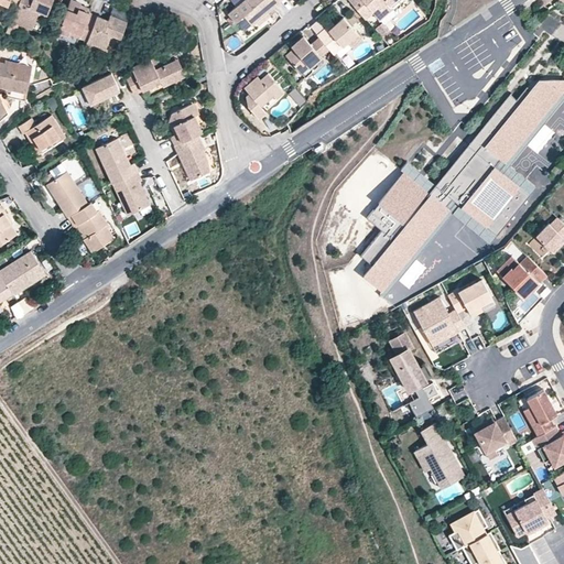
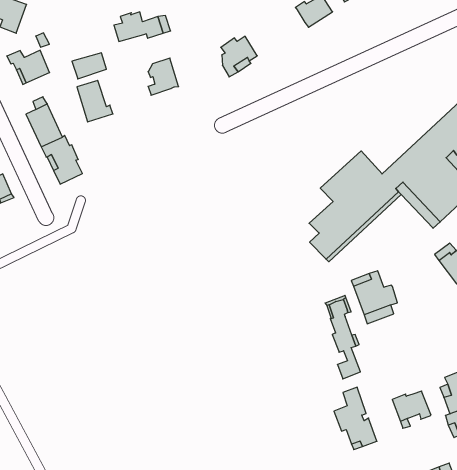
building: [282,34,326,72] -> none
building: [82,74,119,105] -> [72,53,106,79]
building: [174,134,210,181] -> none
building: [112,172,150,216] -> none
building: [448,281,492,314] -> none

